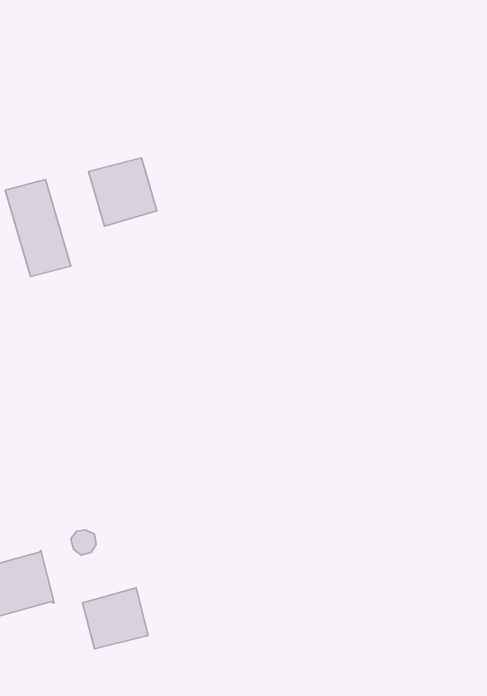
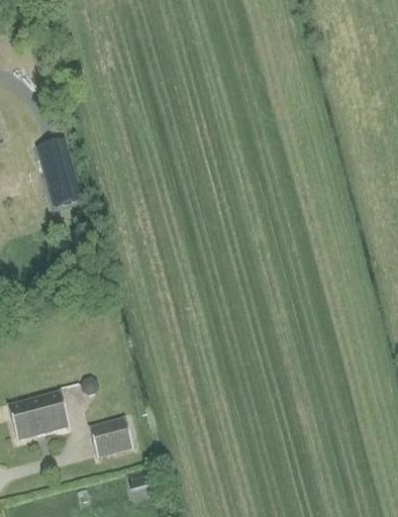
building: [88,158,157,226] -> none

